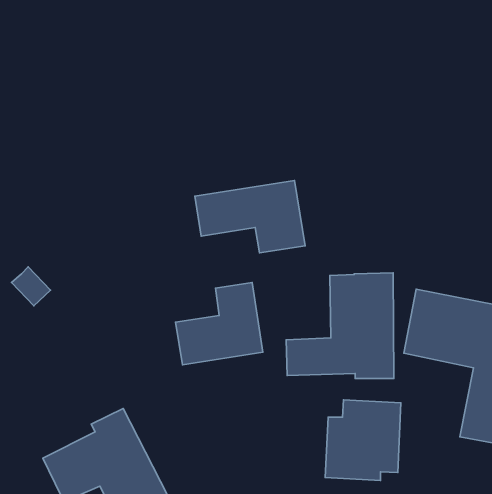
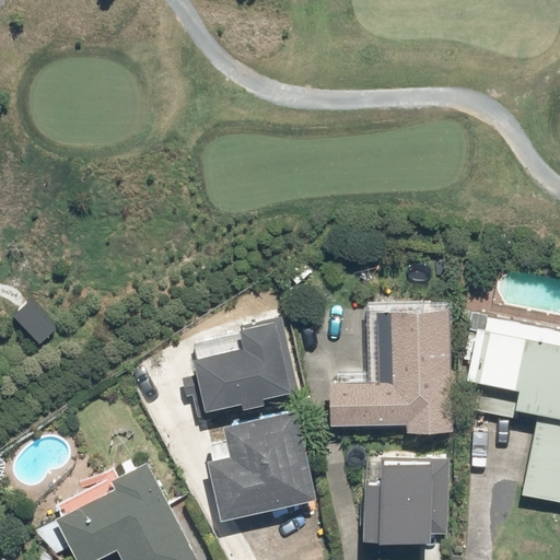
building: [195,180,305,253] -> none
building: none -> [203,412,313,520]

